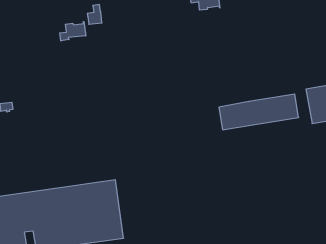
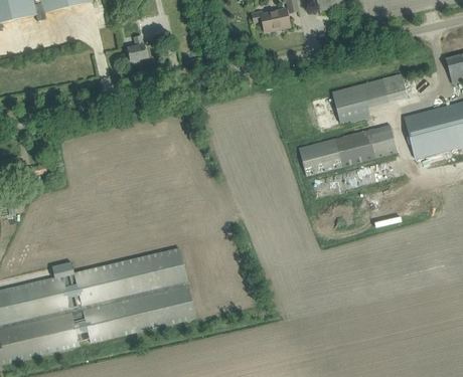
building: [60,22,86,41] -> none
building: none -> [330,72,407,123]

